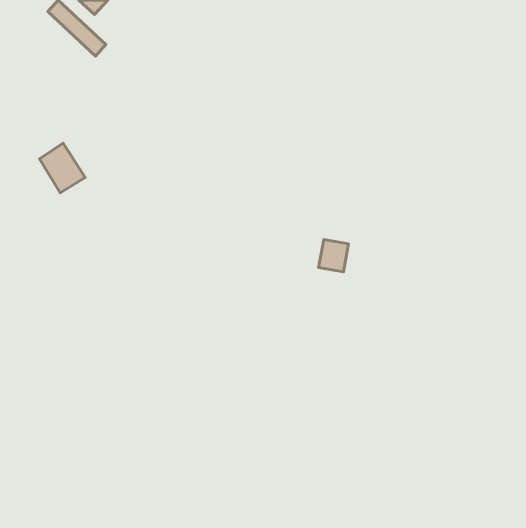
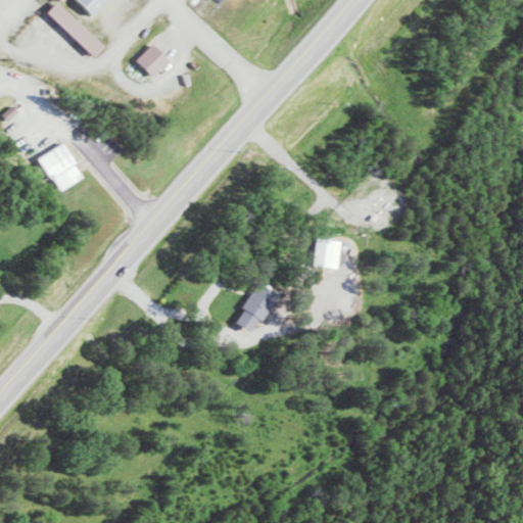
building: none -> [135,44,170,78]
building: none -> [233,283,278,334]

